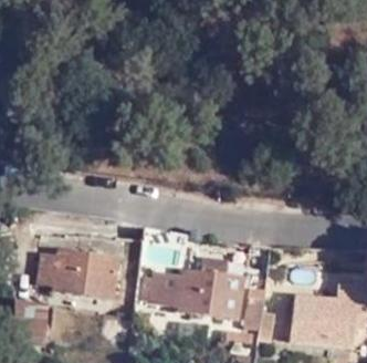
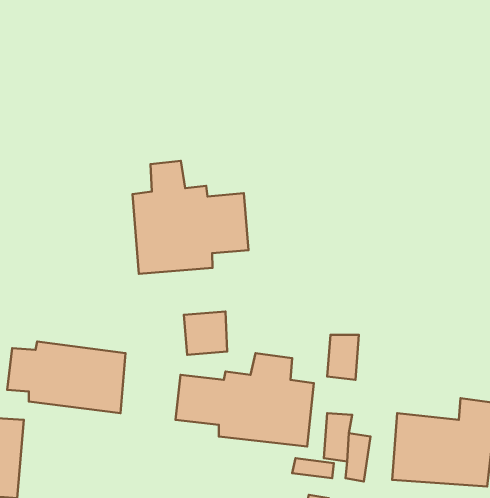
building: none -> [133,161,248,274]

